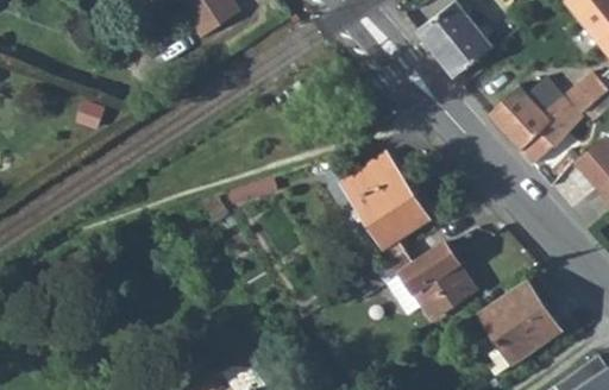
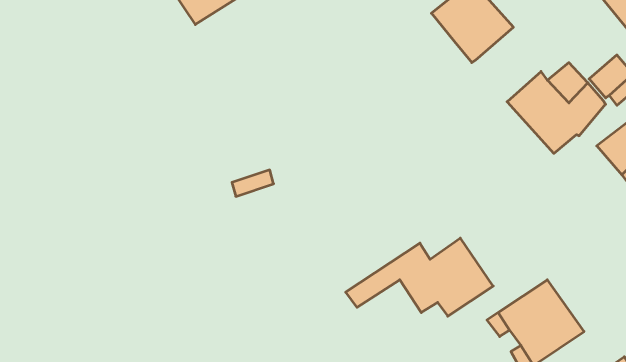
building: [341,152,429,249] -> none

